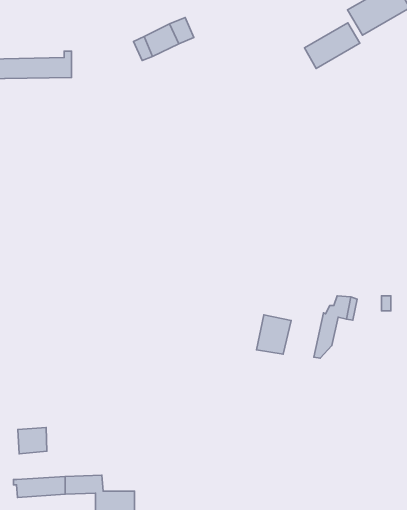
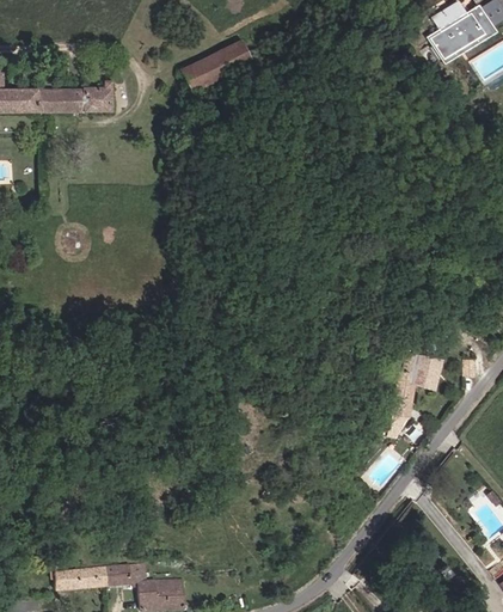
building: [304,23,360,69] -> none
building: [256,315,291,354] -> none
building: [18,428,47,454] -> none

